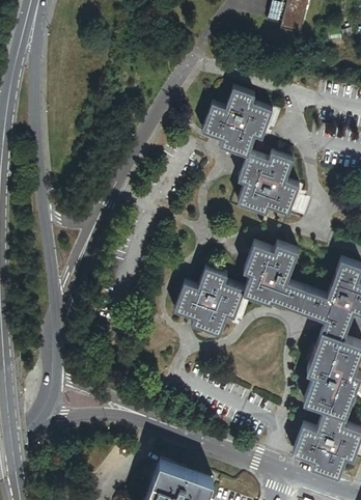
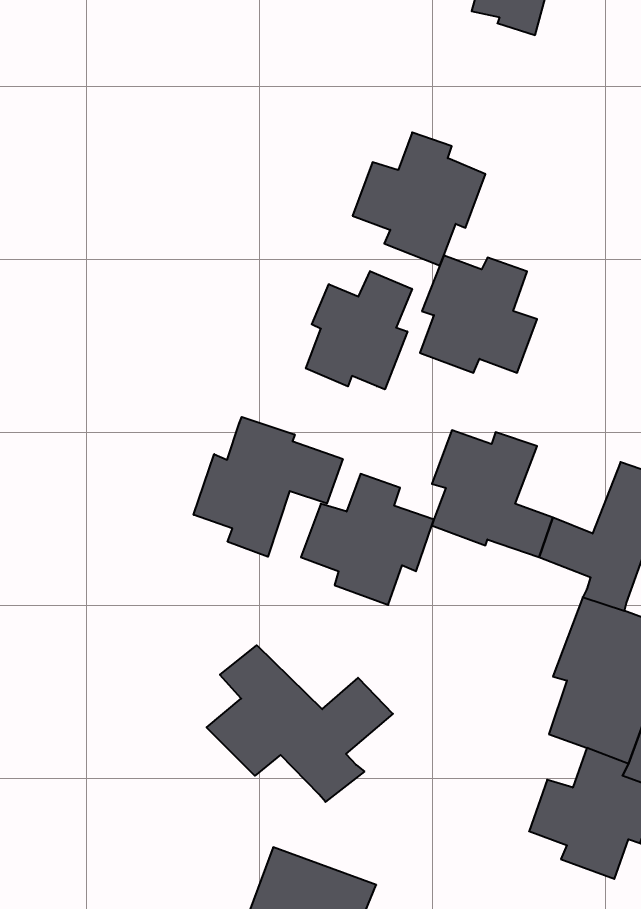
building: none -> [306,271,412,389]
building: none -> [194,417,343,557]
building: none -> [207,645,393,802]

